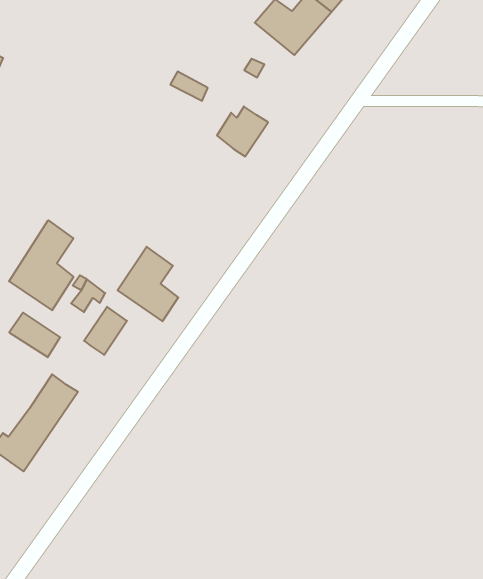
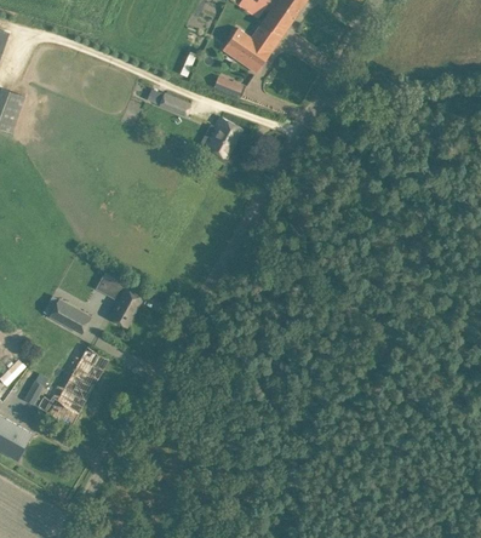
building: [9,220,73,310] -> none
building: [118,247,178,321] -> none

